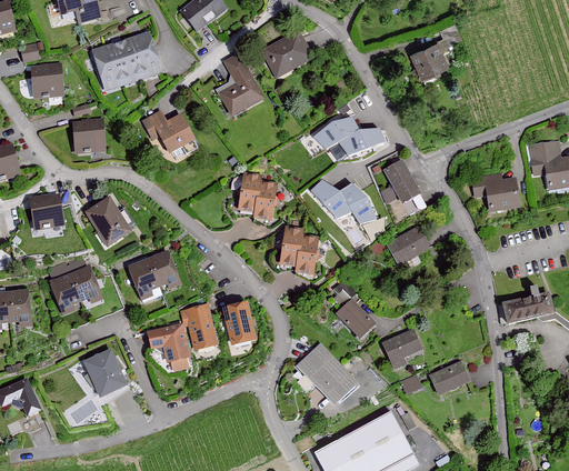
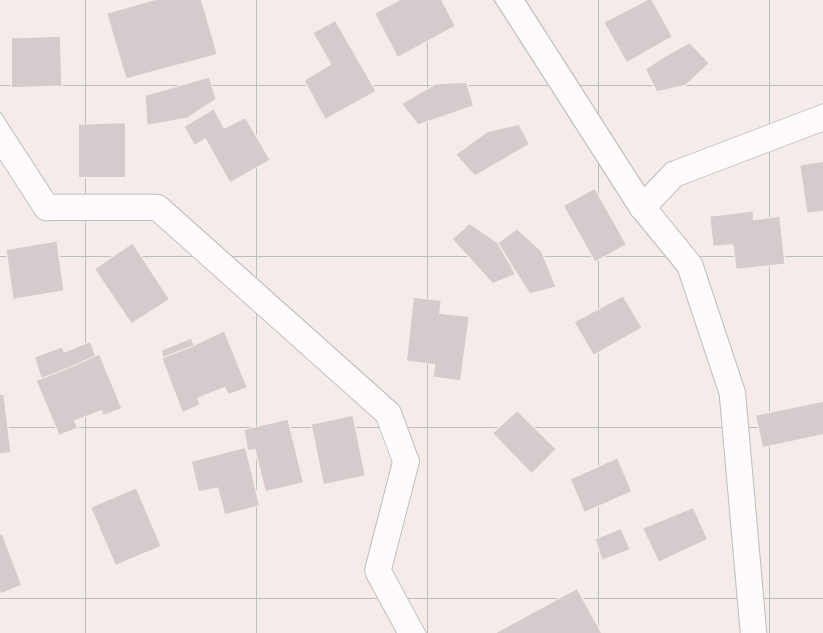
building: none -> [645,43,709,92]
building: none -> [145,77,216,125]
building: [338,130,383,157] -> [402,83,474,125]
building: [241,174,281,227] -> none
building: [297,344,357,404] -> none

